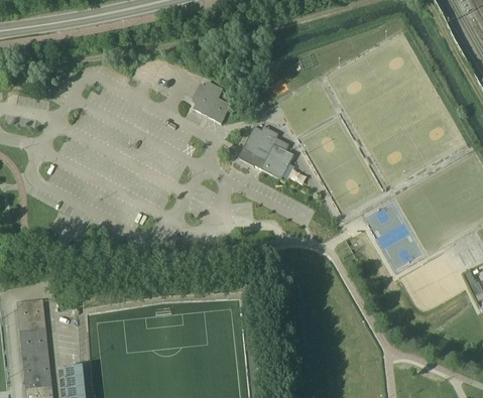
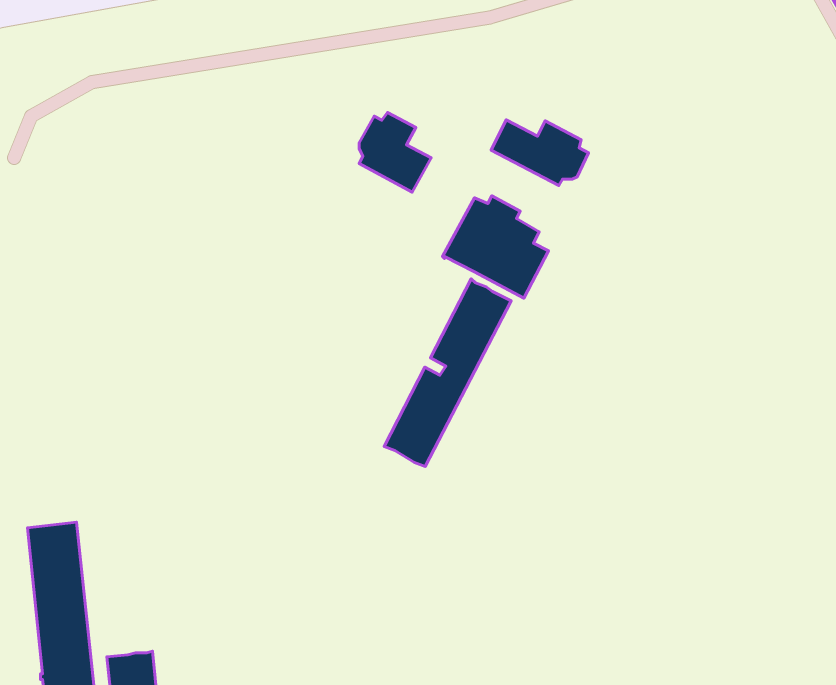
building: none -> [491,120,588,185]
building: none -> [384,279,511,466]

